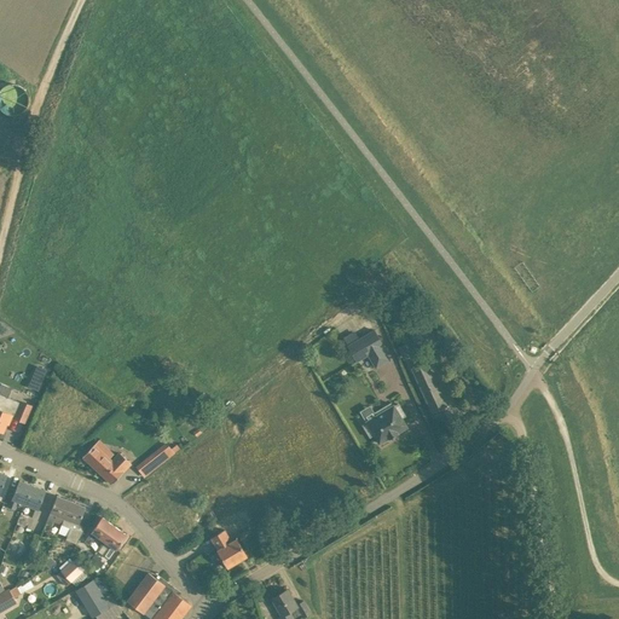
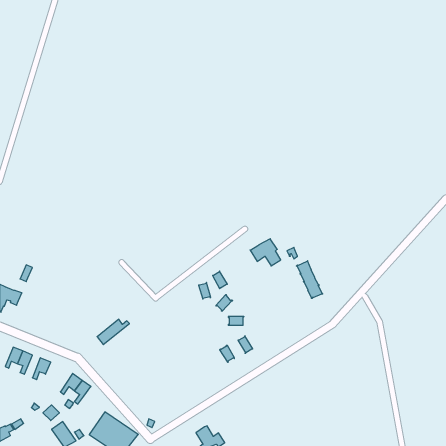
building: [361,404,405,444] -> none
building: [82,441,131,485] -> none
building: [59,502,85,544] -> none
building: [210,531,245,568] -> none

